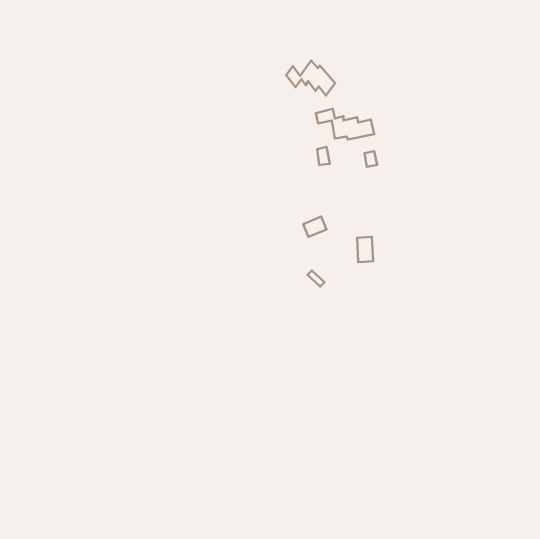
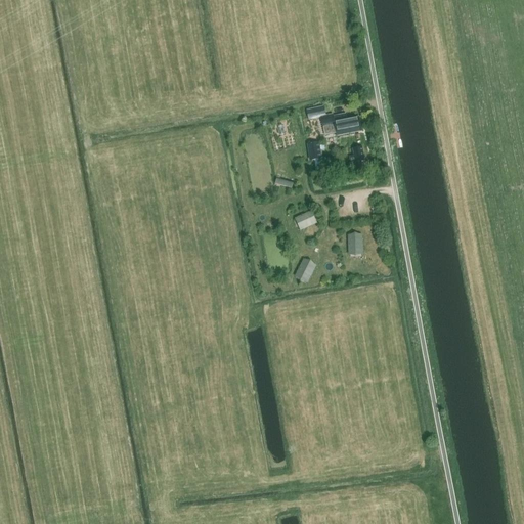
building: [286,61,335,96] -> none

